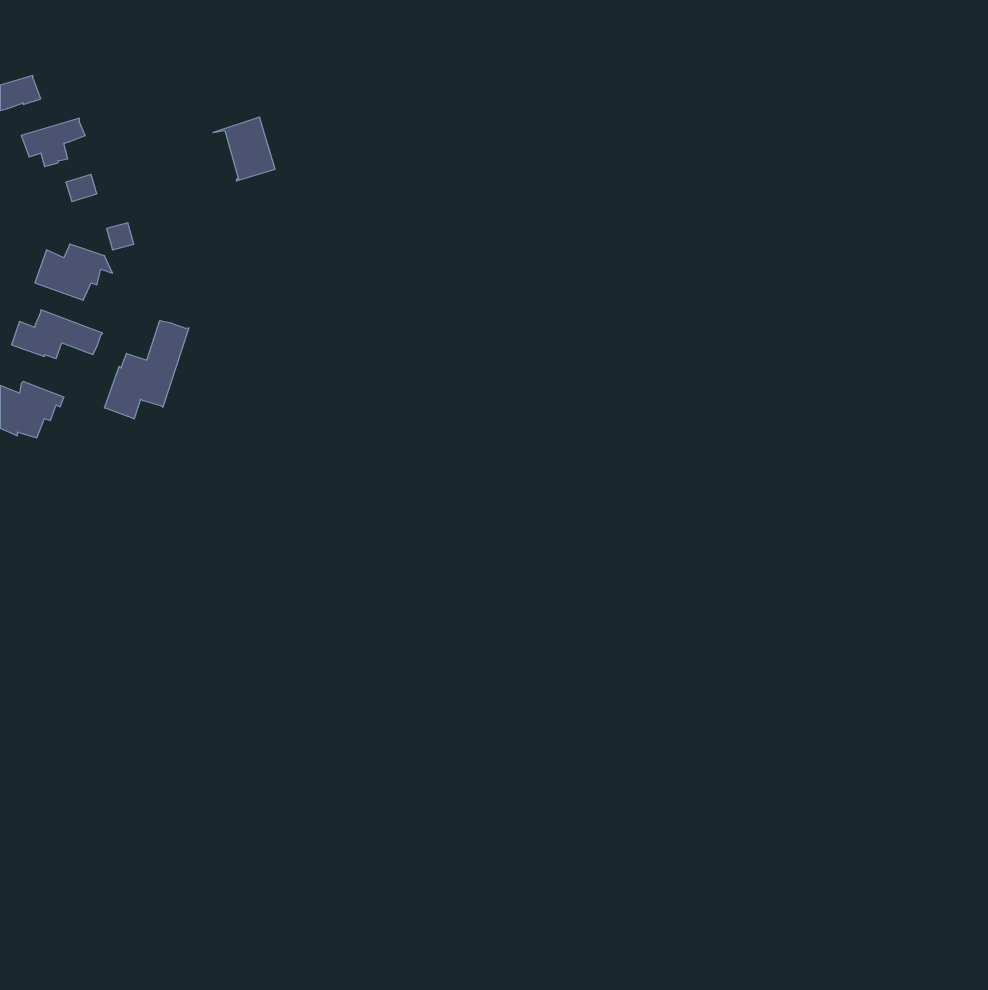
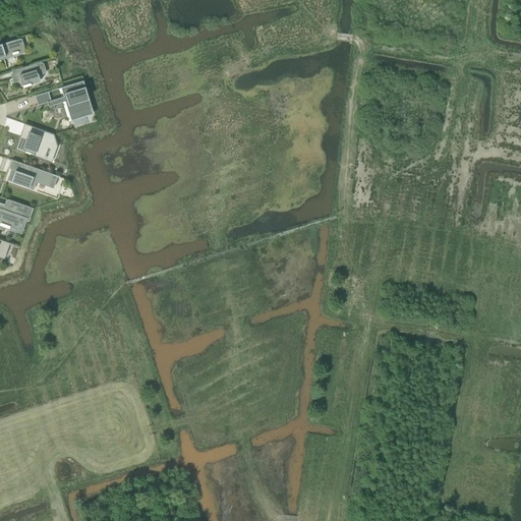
building: [213,117,275,181] -> [58,81,91,115]
building: [105,320,189,419] -> none

